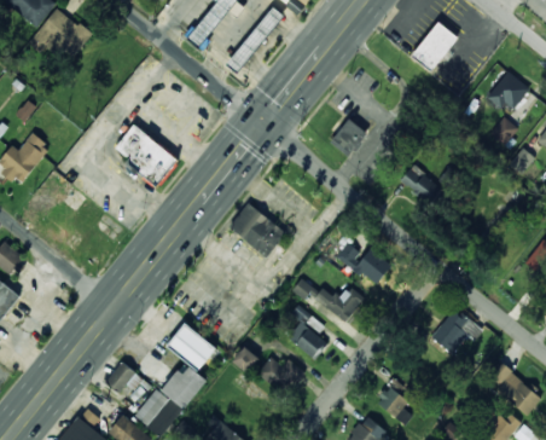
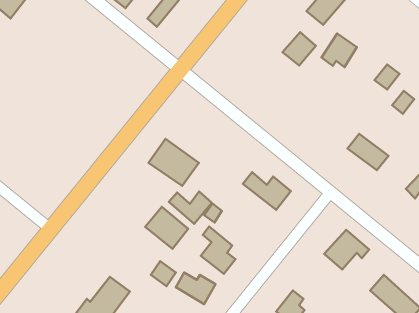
building: [487,71,528,110] -> [321,34,357,67]
building: [329,118,367,157] -> [283,32,316,66]
building: [115,125,179,189] -> none
building: [399,164,446,207] -> [348,134,388,170]
building: [314,285,364,323] -> [169,191,212,224]
building: [165,323,215,371] -> [145,207,188,249]
building: [105,361,143,393] -> none

